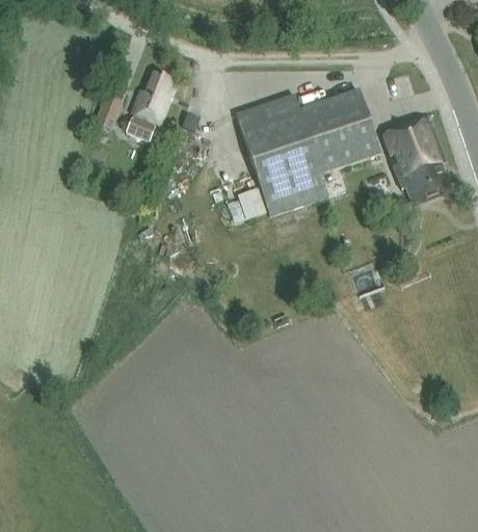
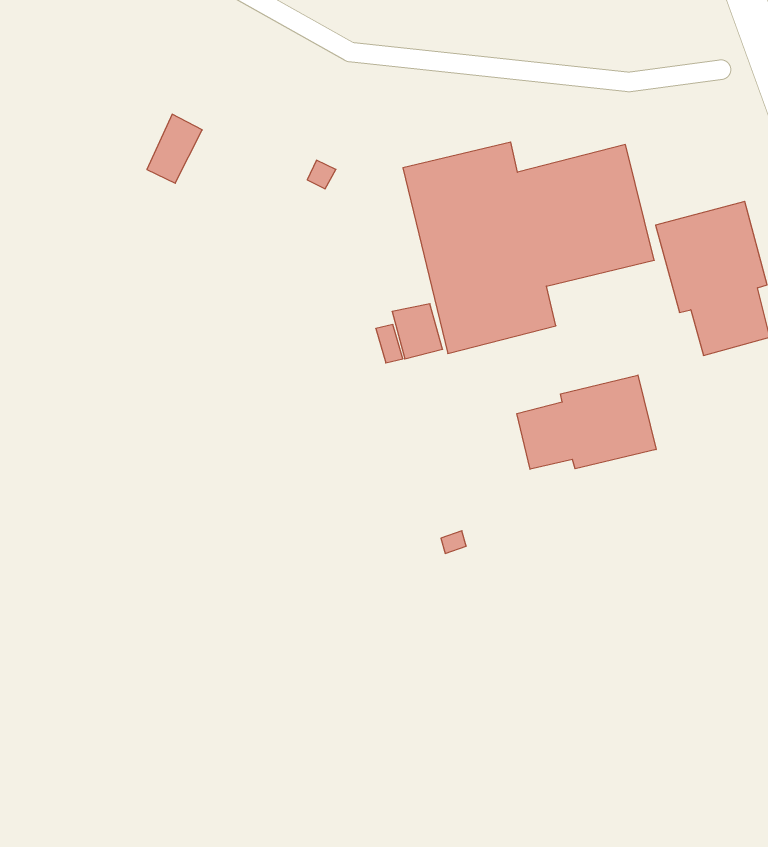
building: [125,73,170,141] -> none
building: none -> [517,375,656,469]

